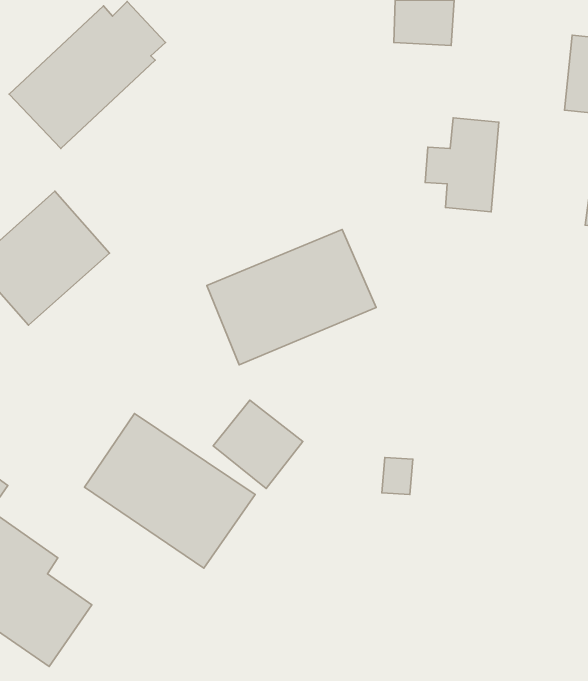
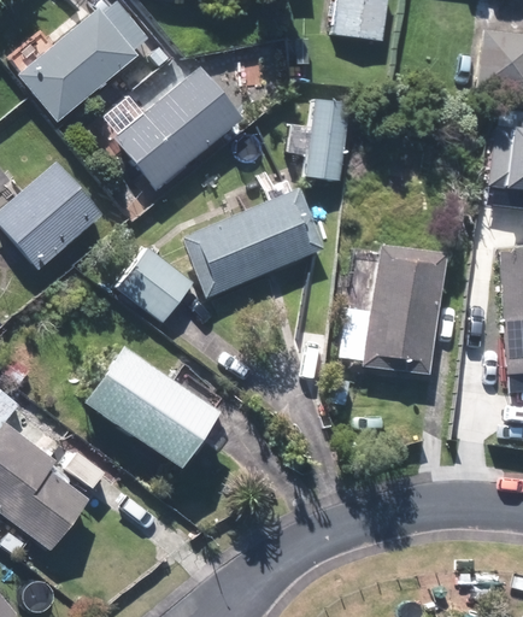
building: none -> [116,65,246,192]
building: [425,118,499,212] -> [287,99,347,176]
building: none -> [339,242,448,375]
building: [213,400,303,489] -> [121,249,194,322]

